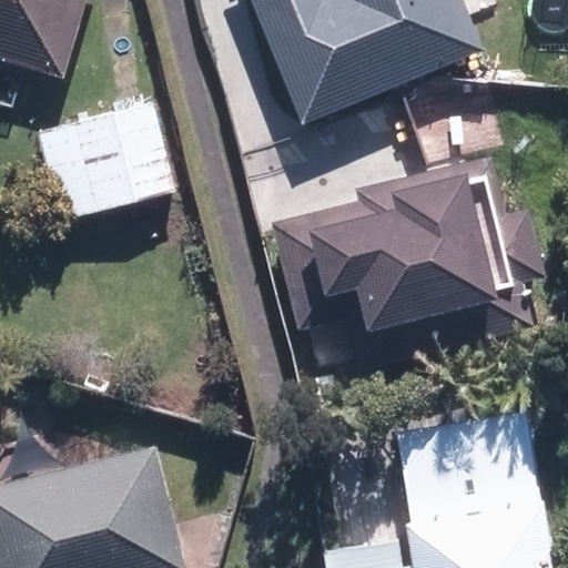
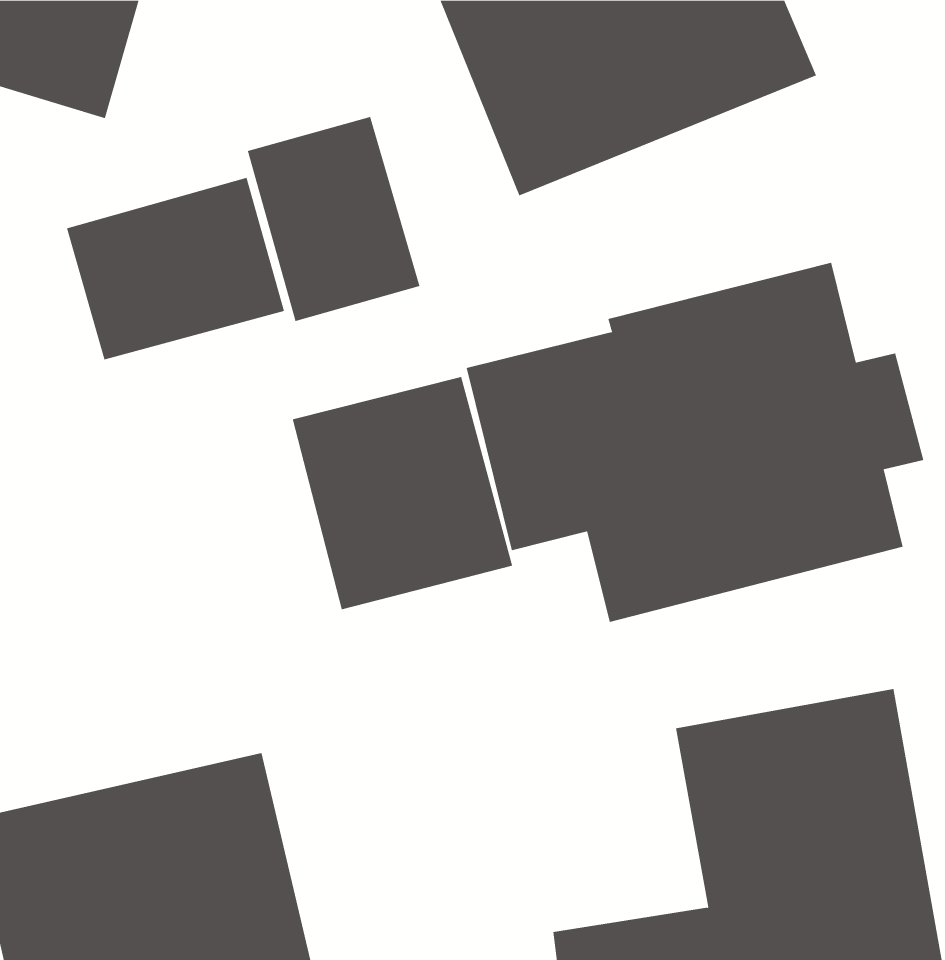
building: none -> [247,116,420,322]
building: none -> [292,376,513,610]

